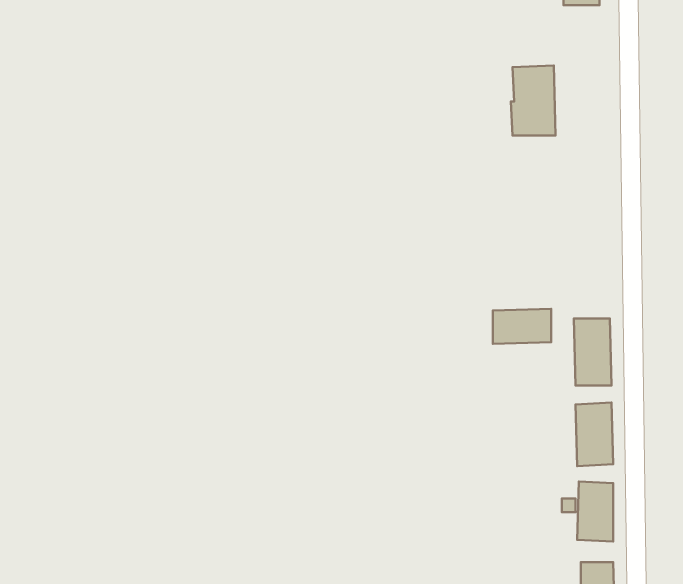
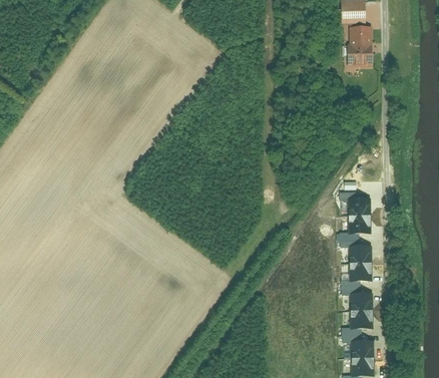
building: [511,65,555,136] -> [345,24,371,65]
building: [493,309,551,344] -> none

